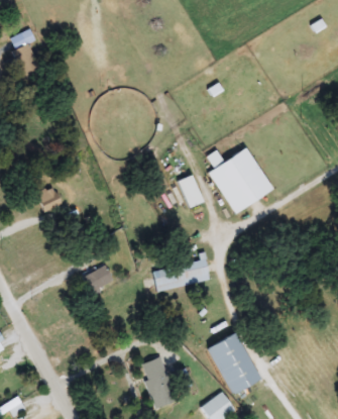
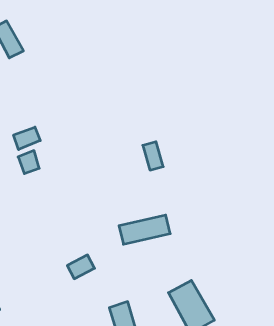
building: [208,146,274,214] -> none
building: none -> [14,127,40,150]
building: [83,265,114,292] -> [67,255,95,279]

